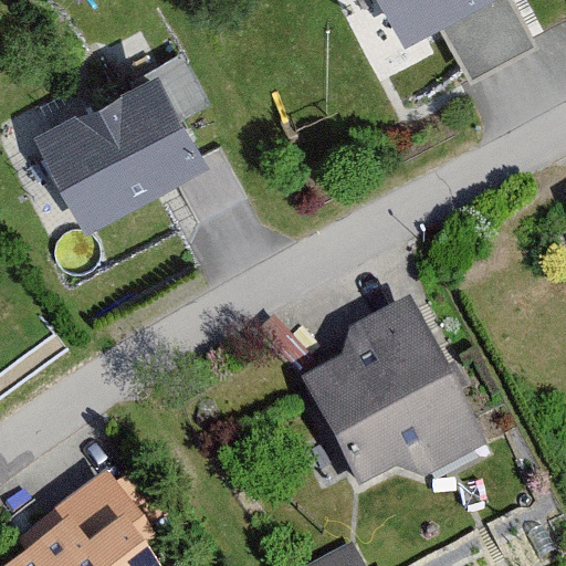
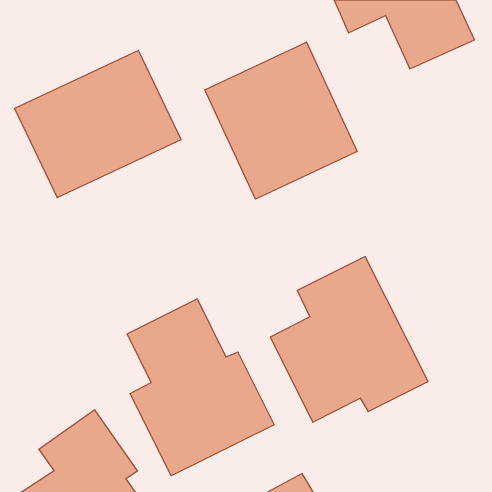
building: none -> [205,42,357,199]
building: none -> [127,299,274,476]

